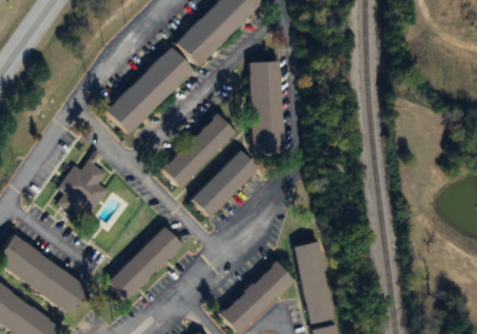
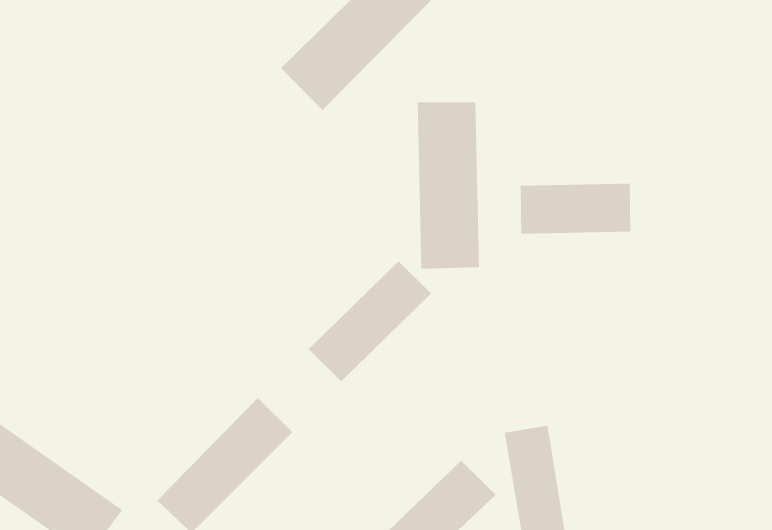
building: [105,46,195,134] -> none
building: none -> [520,183,631,235]
building: [161,113,237,187] -> none
building: [57,159,107,217] -> none

